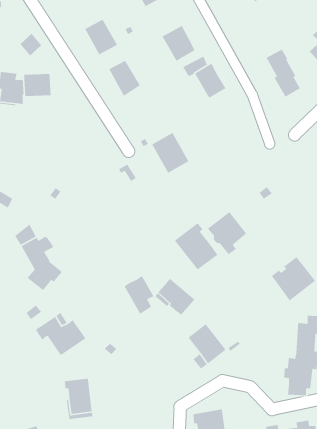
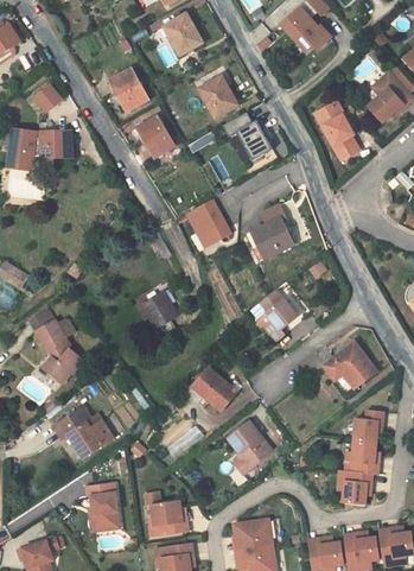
building: none -> [247,204,293,260]
building: [174,222,219,271] -> none
building: [123,275,154,315] -> [141,290,177,336]
building: none -> [149,500,185,535]

